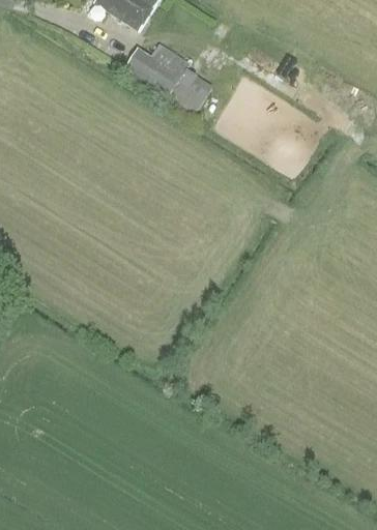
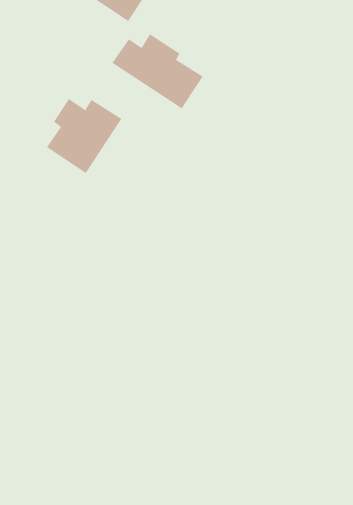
building: none -> [46,98,122,174]

